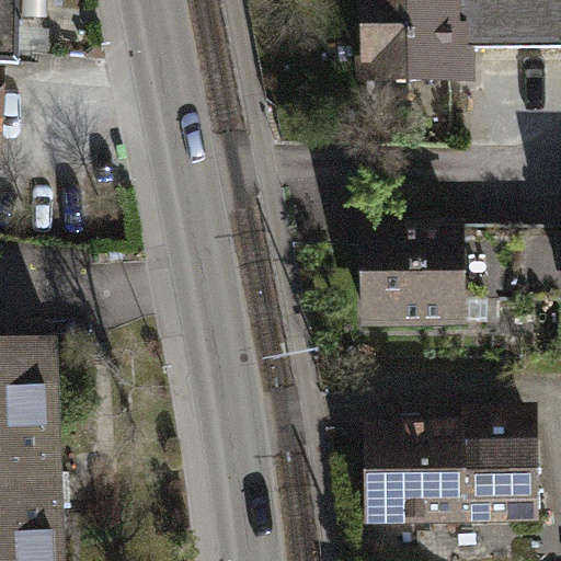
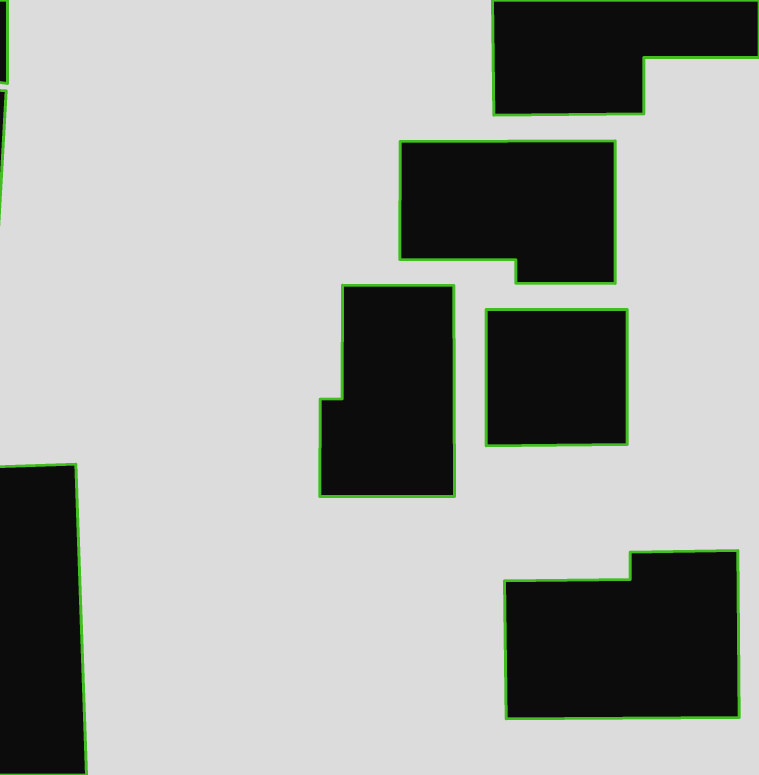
building: none -> [400,141,615,283]
building: none -> [320,285,454,496]

